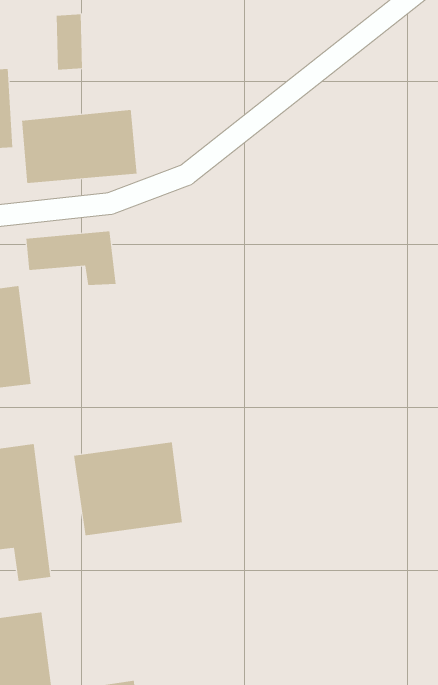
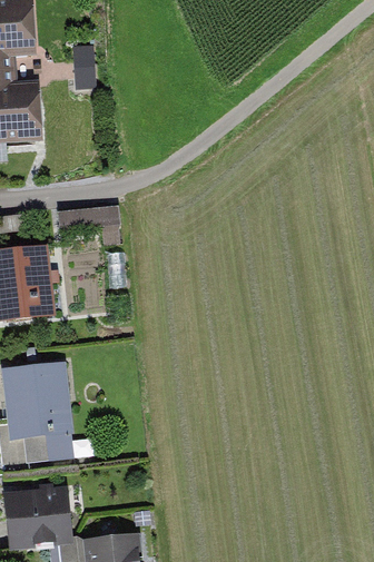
building: [21,109,137,184] -> none
building: [73,442,182,536] -> none

